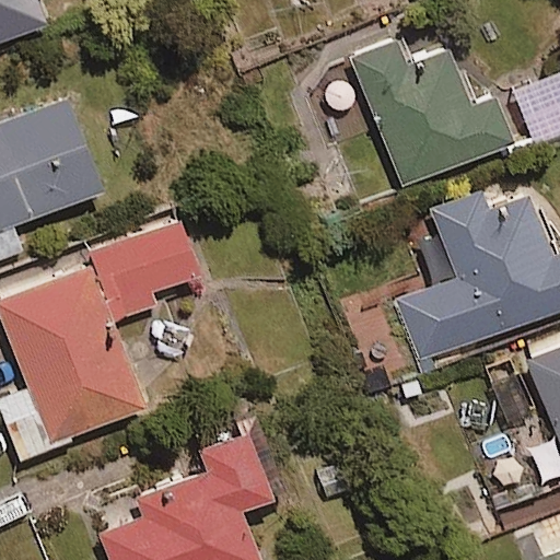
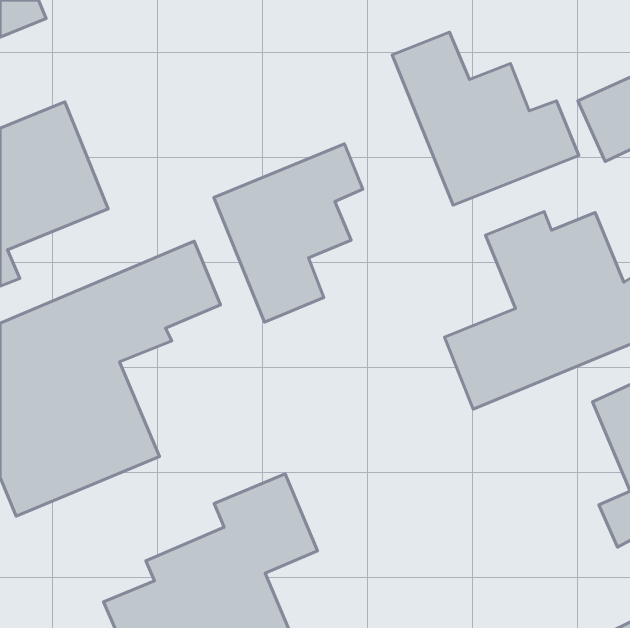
building: none -> [214,144,363,322]

